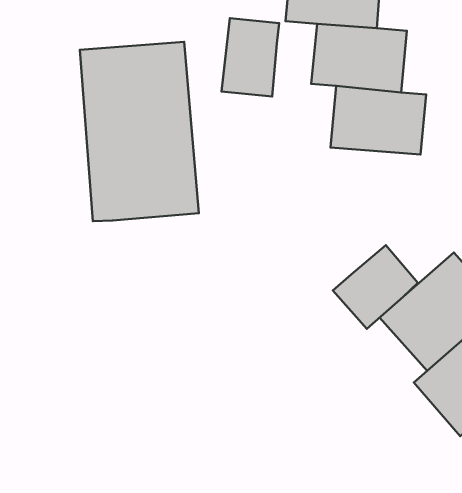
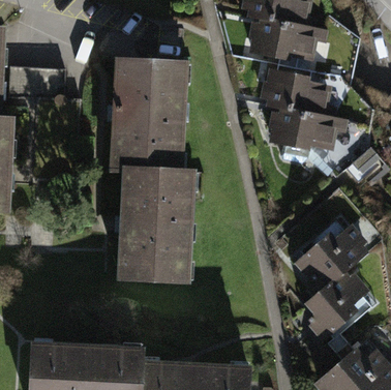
building: [222,18,279,97] -> none
building: none -> [122,171,193,282]
building: [333,245,418,329] -> none

